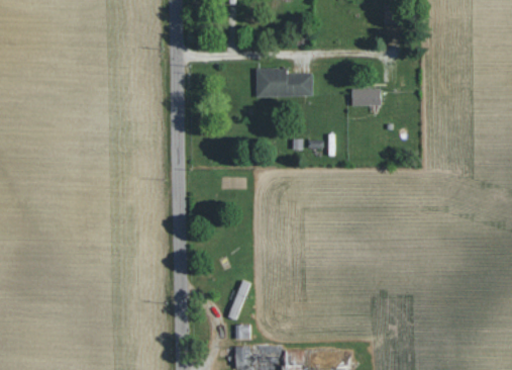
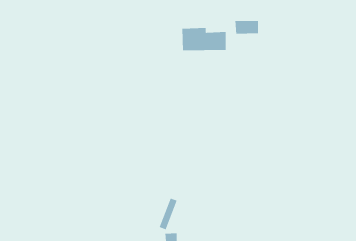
building: [350,89,381,106] -> [235,20,259,34]

